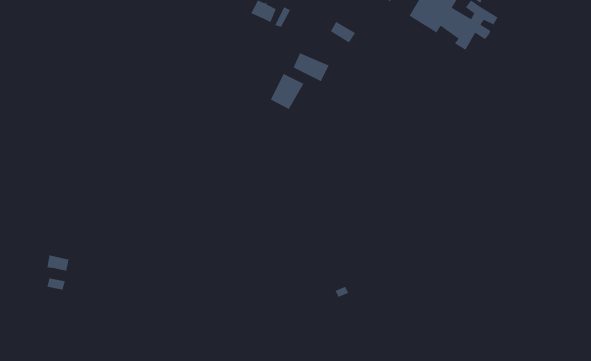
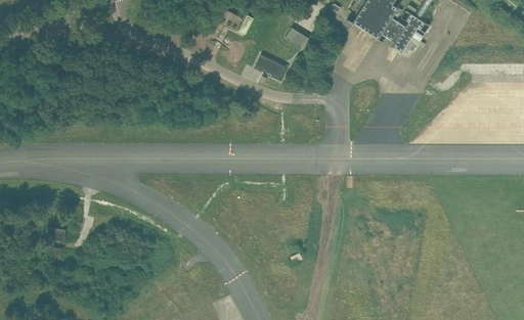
building: [270,73,305,110] -> none

